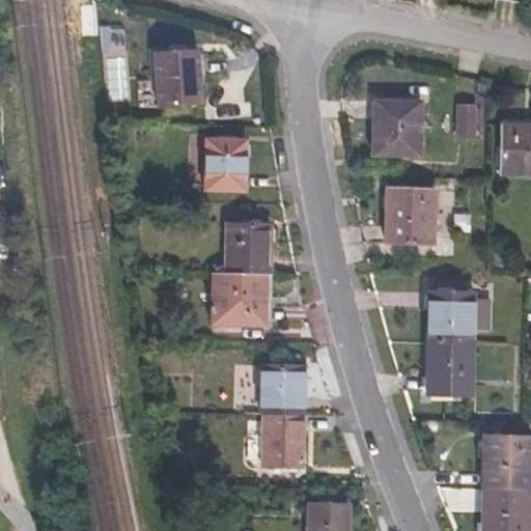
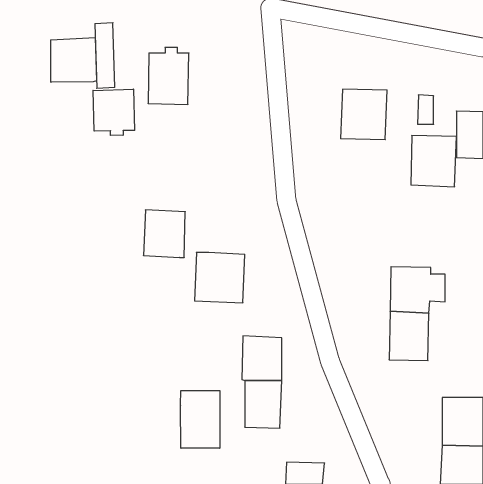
building: none -> [51,38,97,82]
building: none -> [93,89,135,135]
building: [205,140,247,191] -> none
building: [385,186,435,242] -> [411,136,456,187]
building: [228,226,274,278] -> [143,210,185,257]
building: none -> [181,391,220,448]

